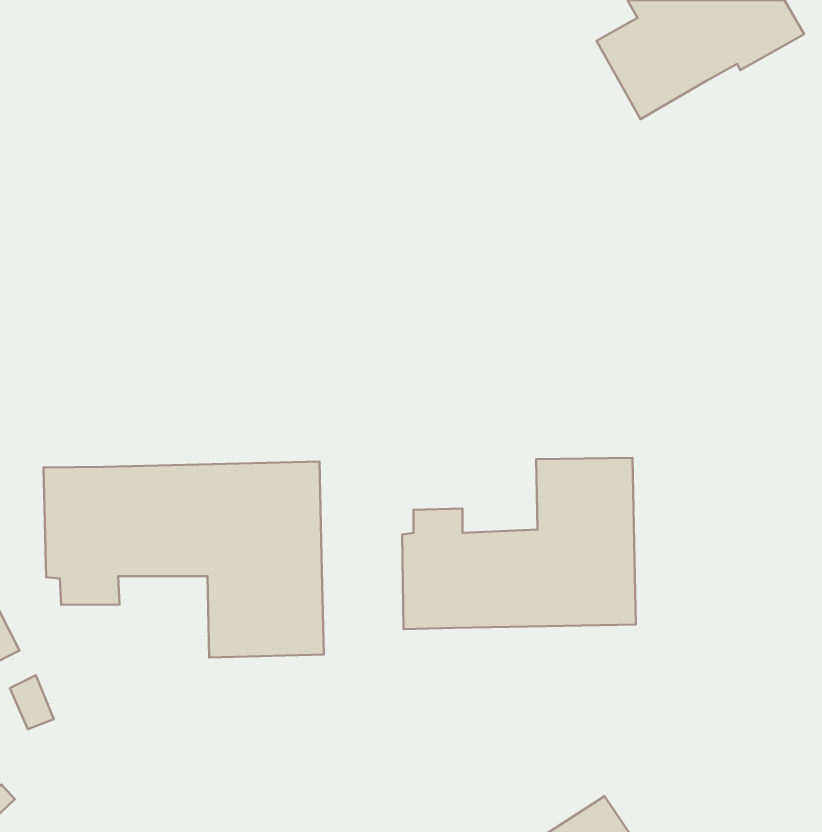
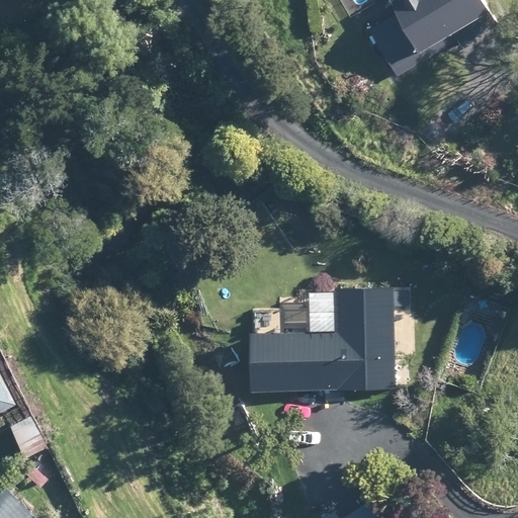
building: [44,462,324,658] -> none

